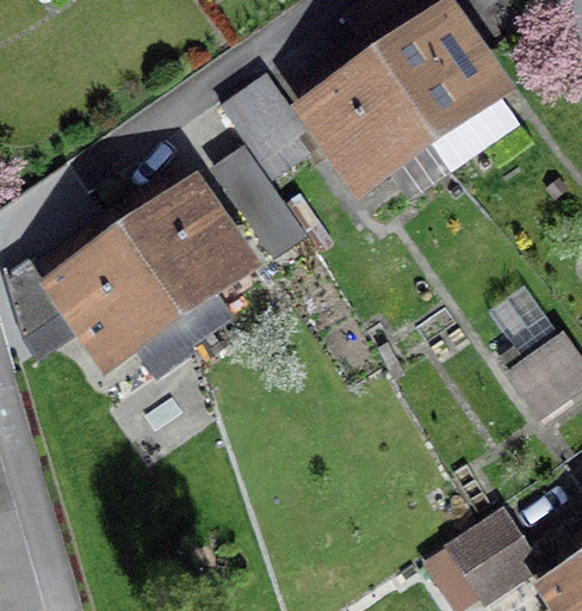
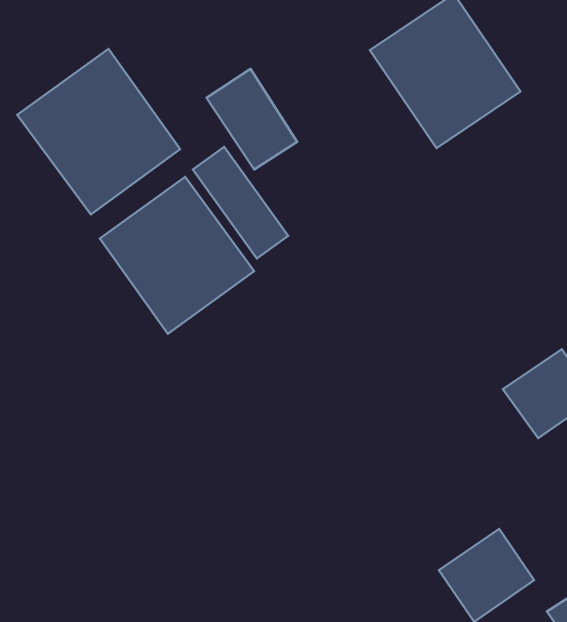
building: none -> [17,49,180,214]
building: [292,50,434,196] -> none
building: [43,229,179,371] -> none

